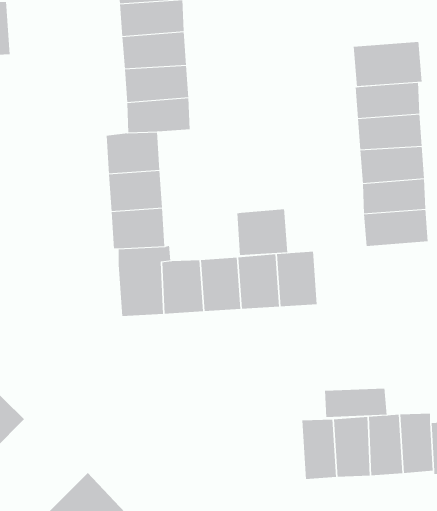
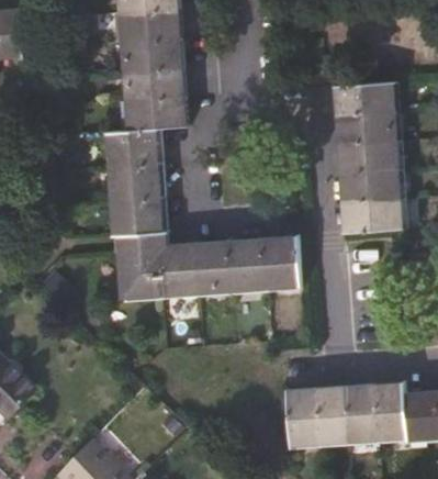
building: [353,41,422,87] -> none
building: [237,208,288,256] -> none
building: [325,388,387,418] -> none

